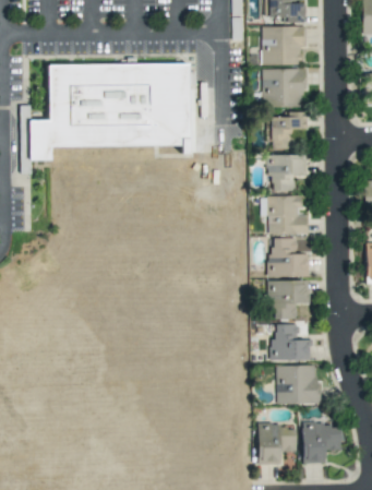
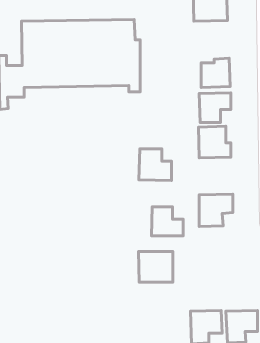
building: [263,69,307,108] -> none
building: [269,238,310,277] -> [139,149,172,181]
building: [273,324,312,360] -> [151,207,183,236]
building: [277,366,320,404] -> [138,251,173,282]

